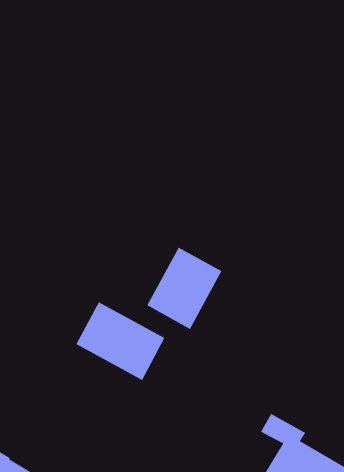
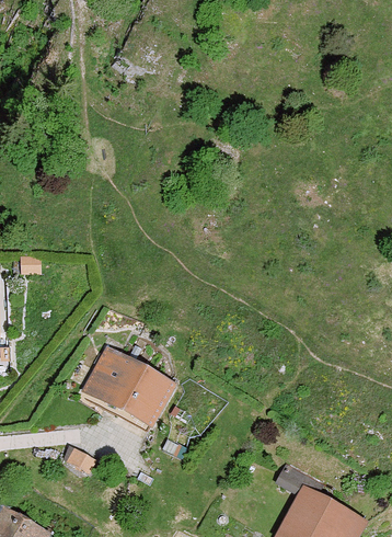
building: [146,247,222,330] -> none

